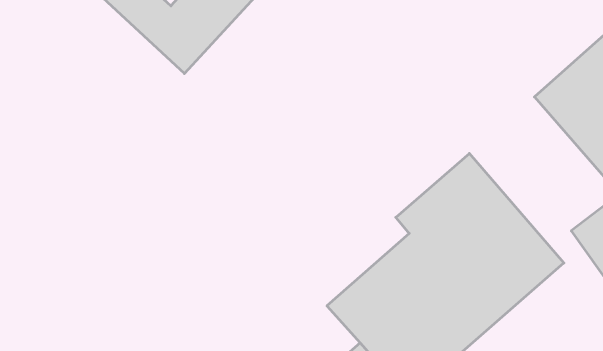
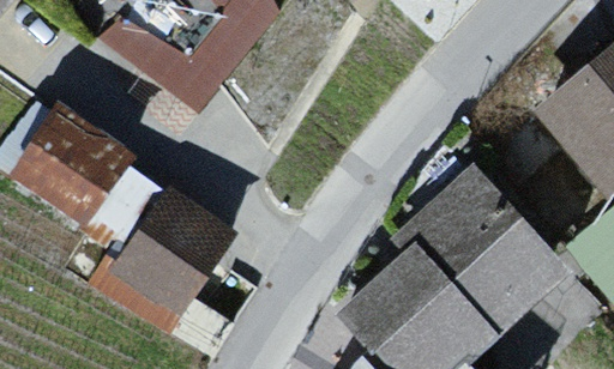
building: none -> [26,126,126,219]
building: none -> [120,196,235,315]

